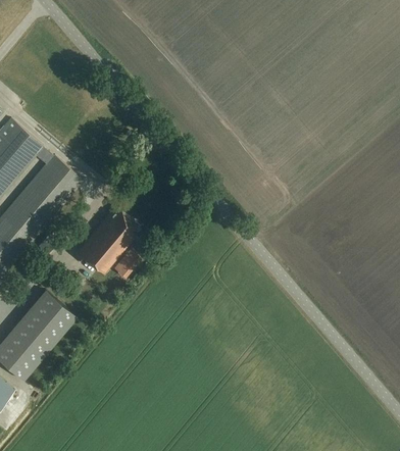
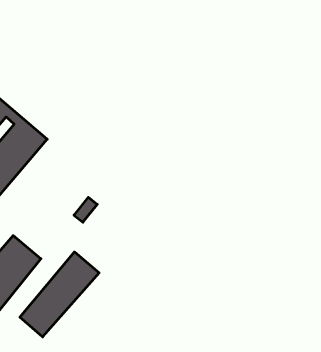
building: [77,208,143,273] -> none
building: none -> [20,252,99,337]

